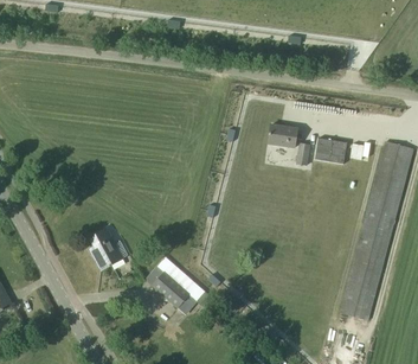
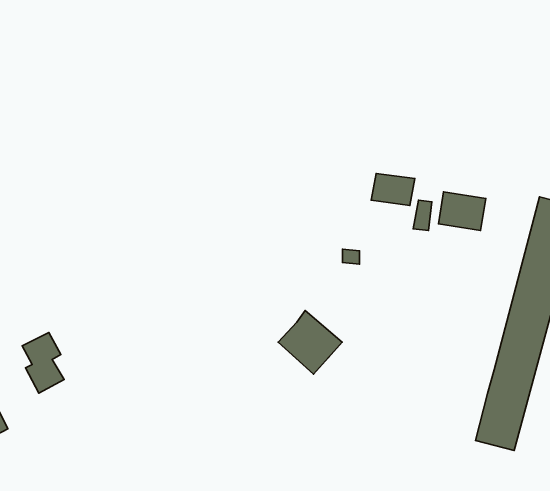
building: [89,228,118,270] -> [22,333,64,393]
building: [152,263,197,308] -> [278,310,342,374]

